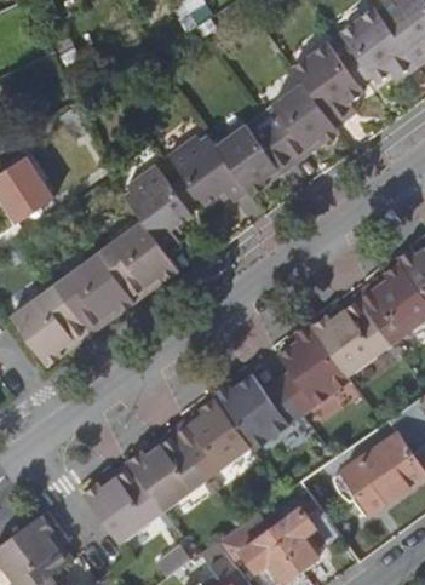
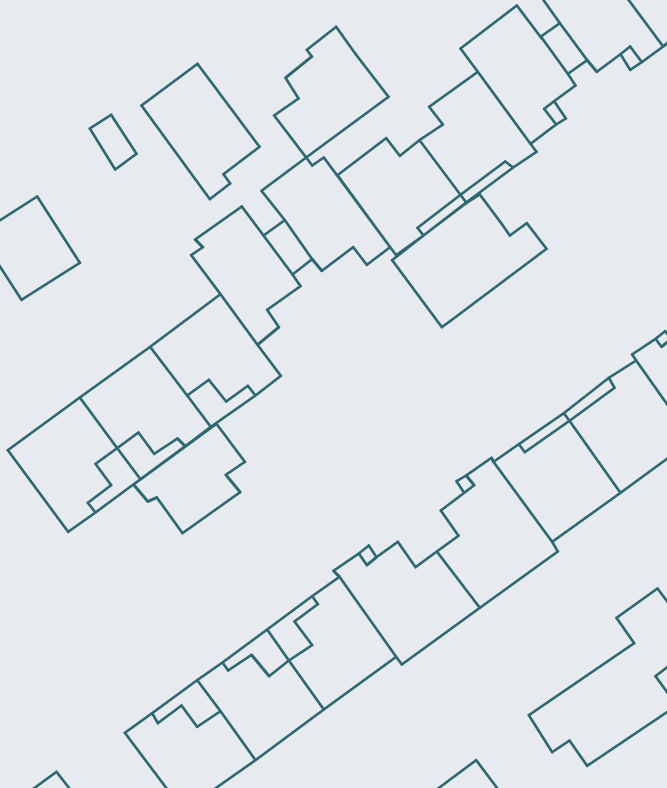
building: none -> [274,27,388,158]
building: none -> [142,64,259,199]
building: none -> [392,194,547,327]
building: none -> [134,424,245,533]

